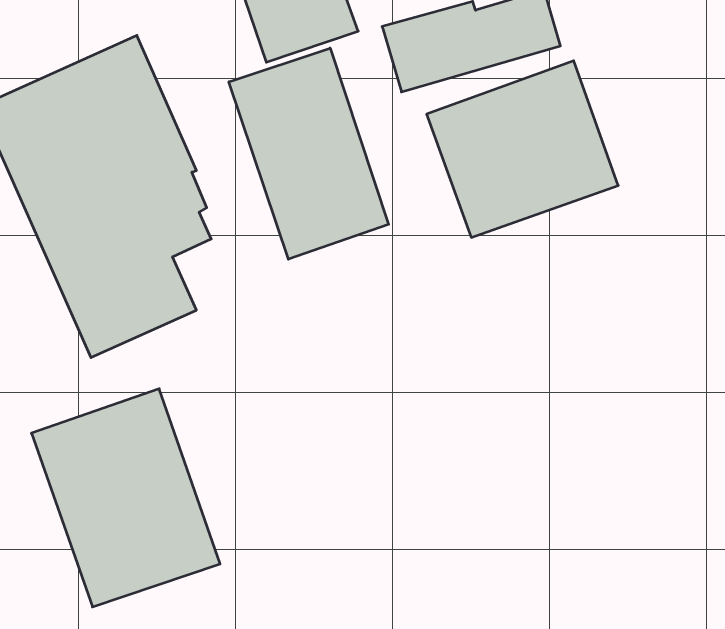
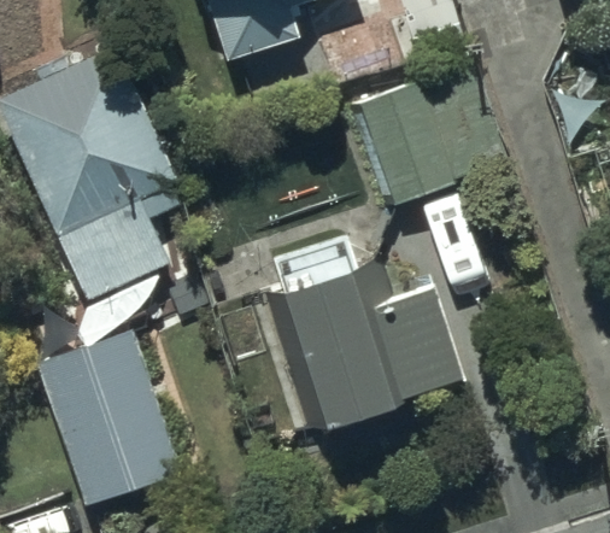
building: [229,48,389,259] -> none
building: none -> [274,254,473,430]

